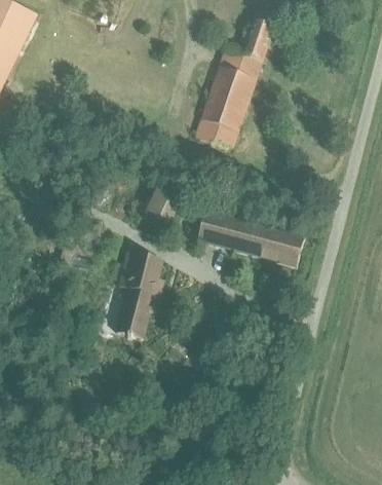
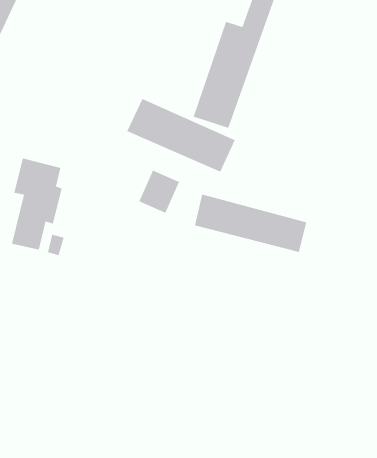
building: none -> [127,98,235,172]
building: [116,250,164,337] -> [11,158,62,250]

